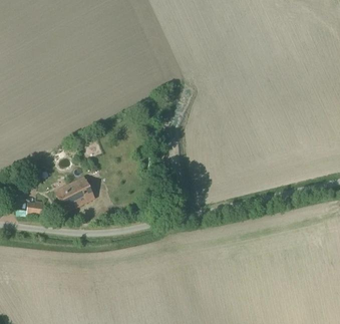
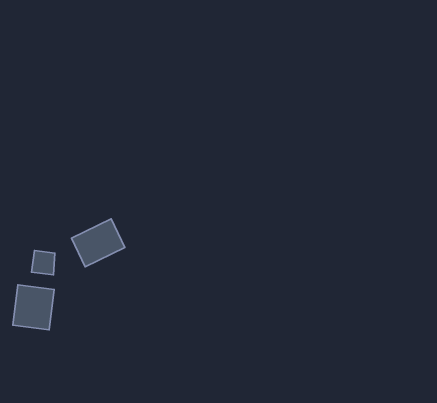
building: none -> [13,285,54,330]

